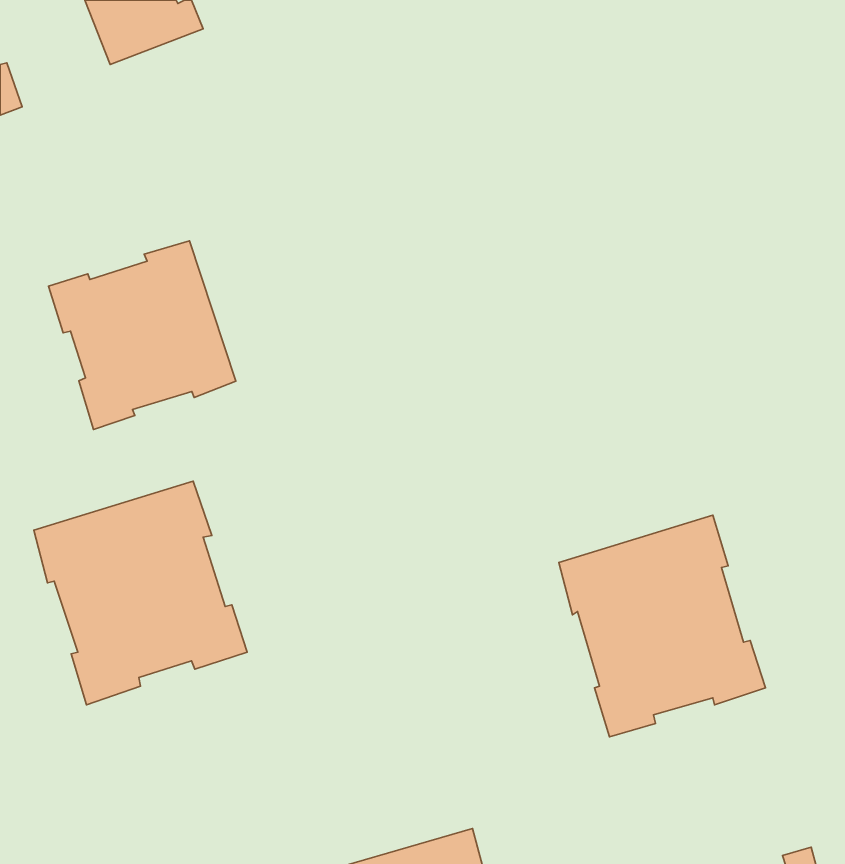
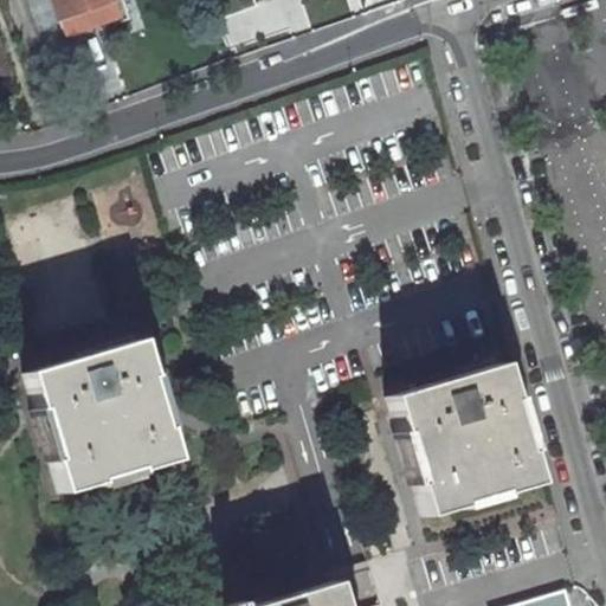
building: [48,241,236,430] -> none

